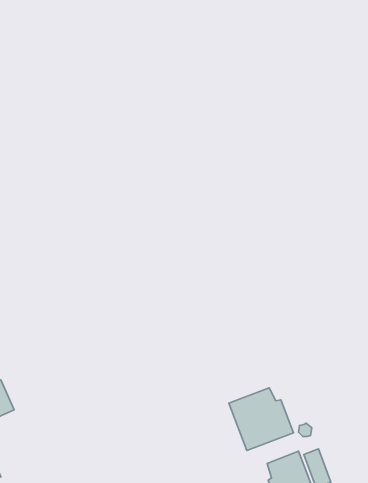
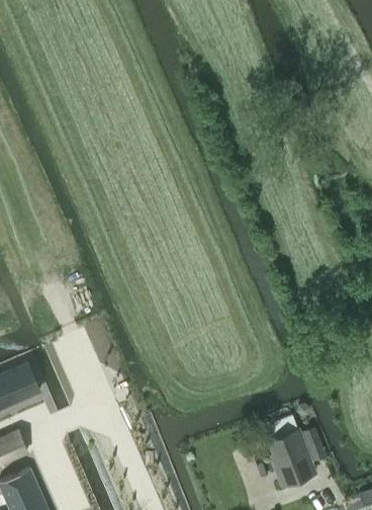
building: [229,388,294,450] -> none

